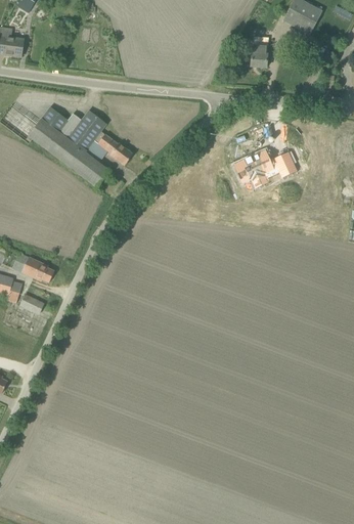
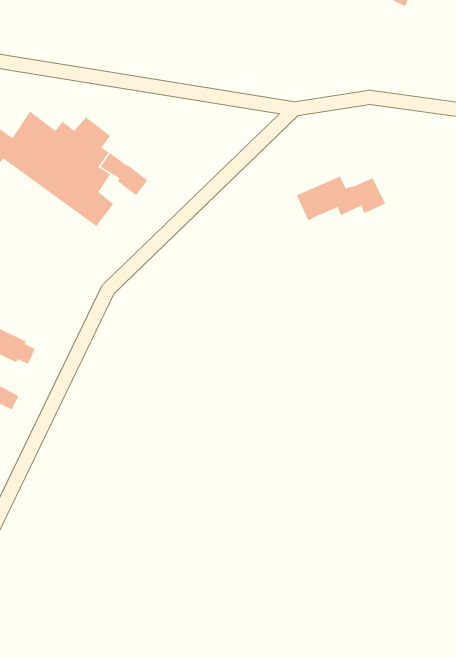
building: [250,36,267,67] -> none

